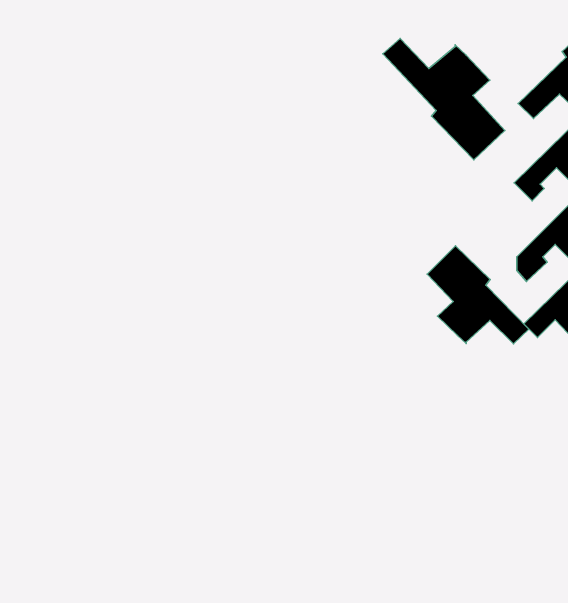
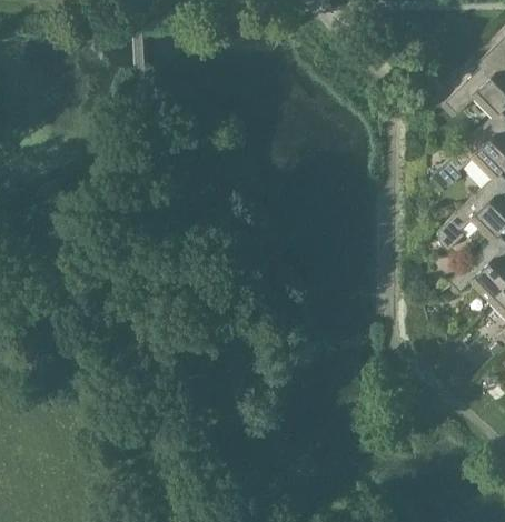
building: [383,39,505,160] -> none
building: [427,246,529,344] -> none

